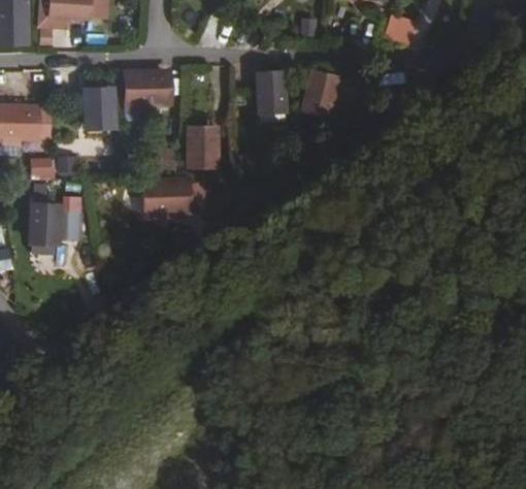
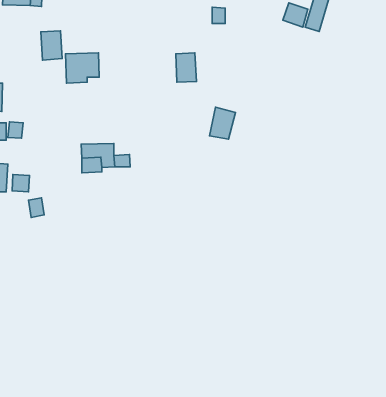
building: [303,71,334,109] -> [209,107,235,139]
building: [85,89,110,124] -> [41,31,62,60]
building: [189,131,212,165] -> none

